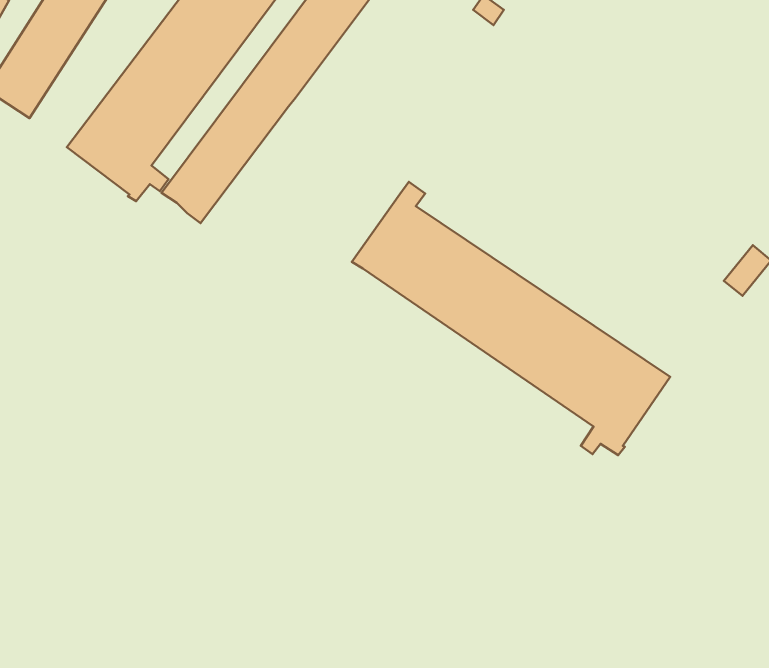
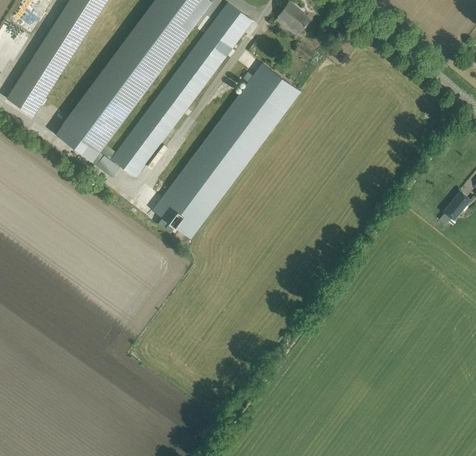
building: none -> [152,64,299,239]
building: [352,182,670,455] -> none

